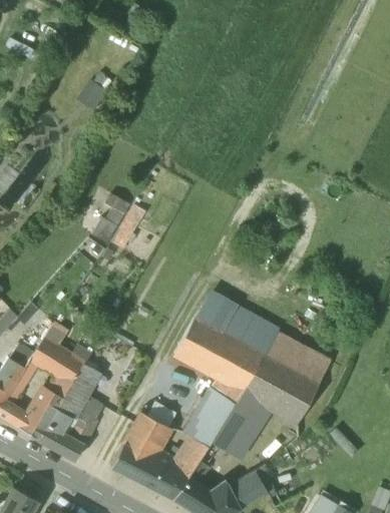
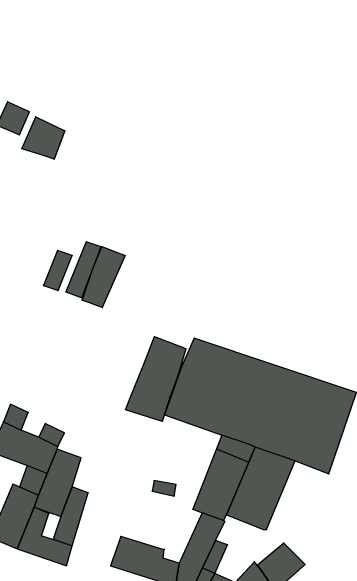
building: none -> [22,117,65,159]
building: none -> [82,247,125,308]
building: none -> [125,337,186,421]
building: [123,411,171,460] -> none

